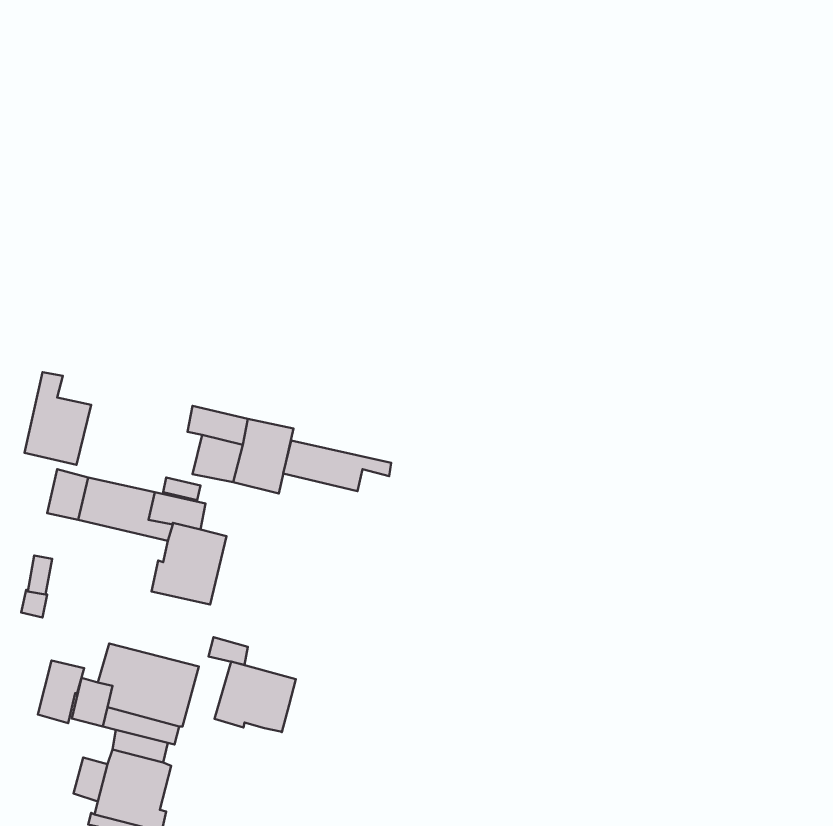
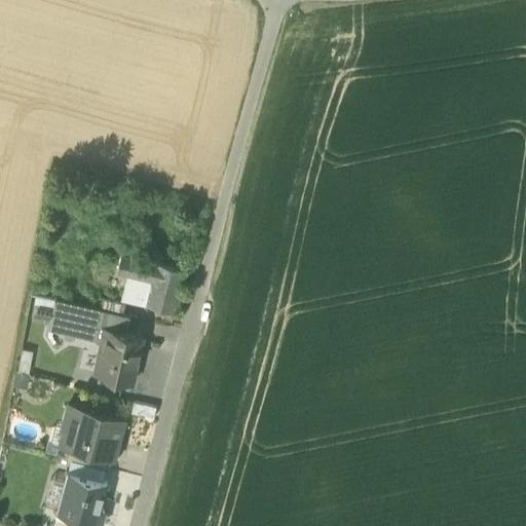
building: [24,372,91,465] -> none
building: [283,440,391,491] -> none
building: [38,660,84,723] -> none
building: [215,662,296,732] -> none

